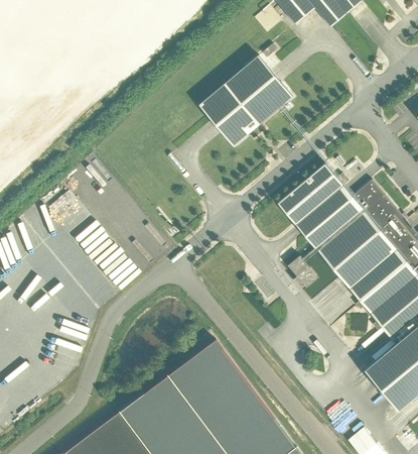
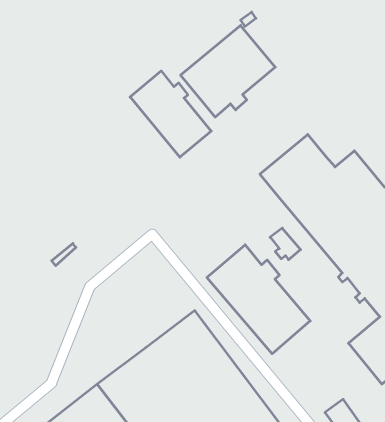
building: none -> [130,71,211,157]
building: none -> [207,245,310,354]

